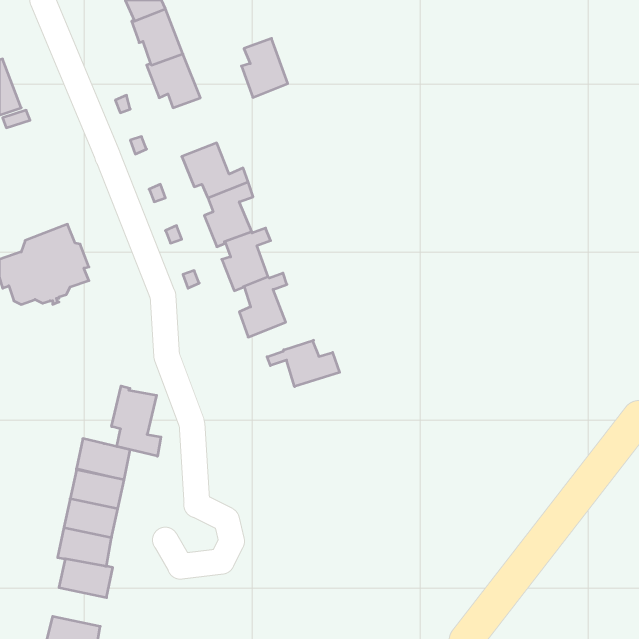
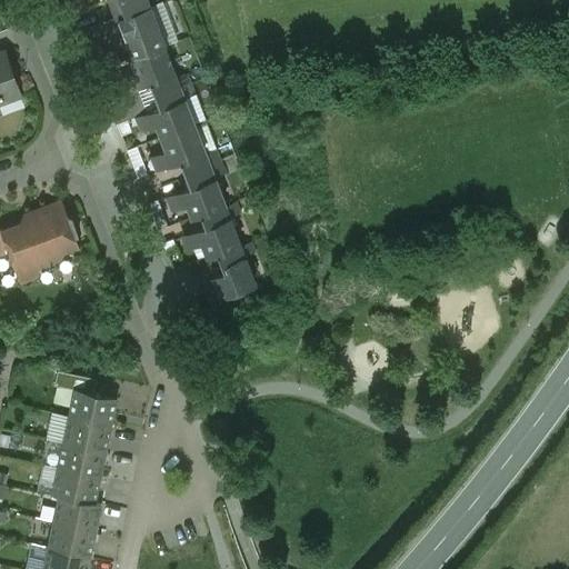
building: [241,38,288,97] -> [151,88,192,140]
building: [267,340,340,387] -> none
building: [112,386,161,456] -> none
building: none -> [47,522,94,557]

